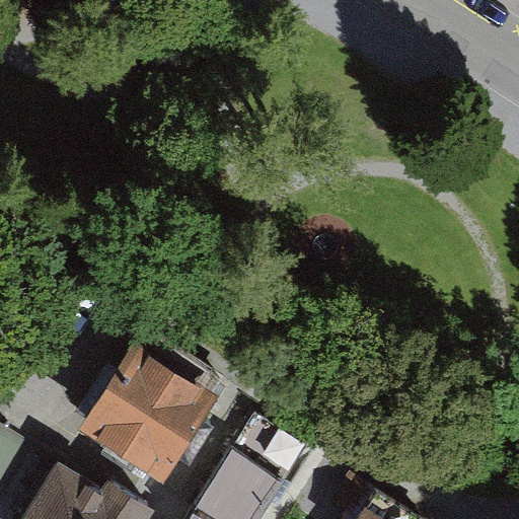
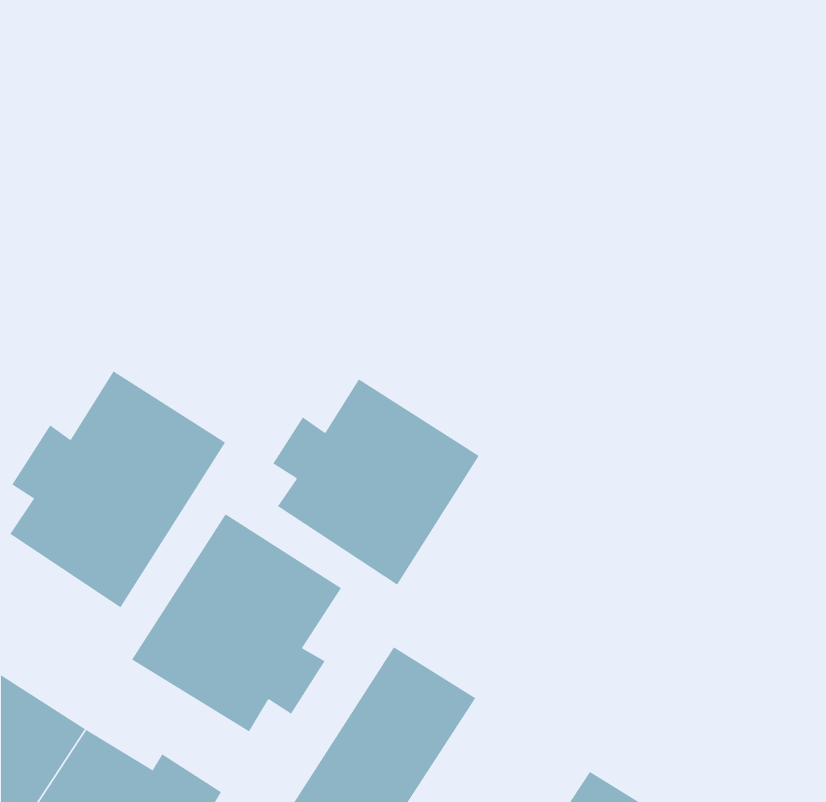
building: none -> [9,371,226,608]
building: none -> [273,378,479,586]

